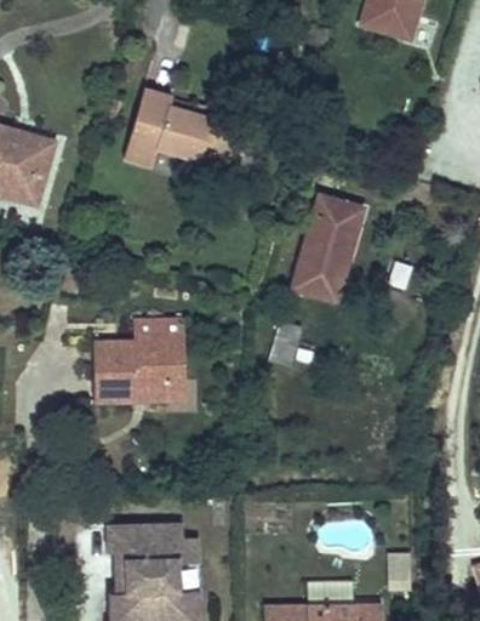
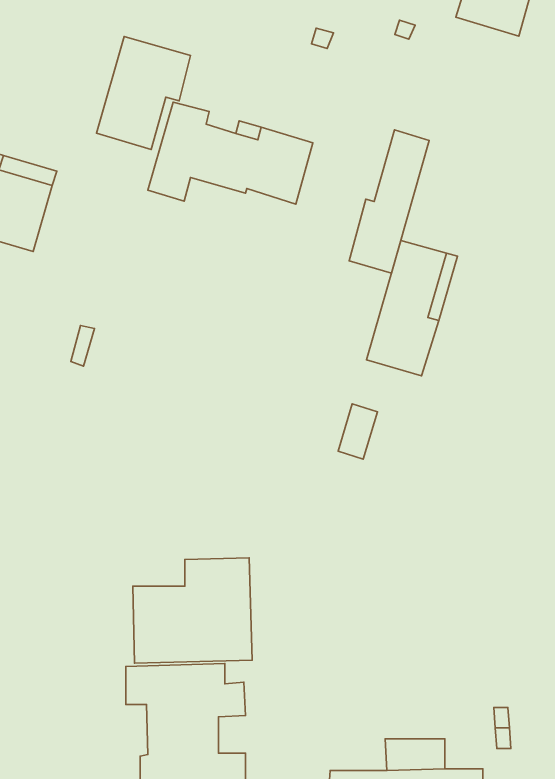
building: none -> [96,36,190,149]
building: none -> [349,130,429,273]
building: [93,320,185,401] -> [133,558,252,663]

